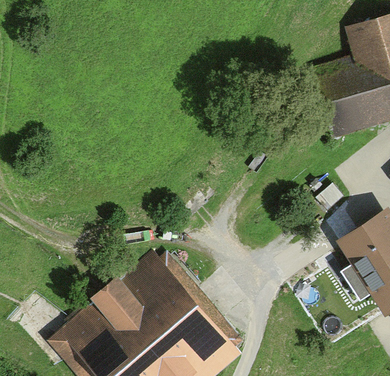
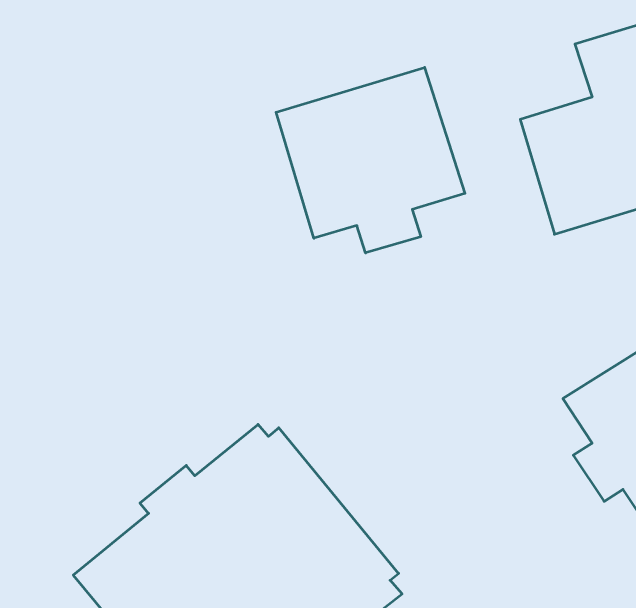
building: none -> [276,67,465,253]

